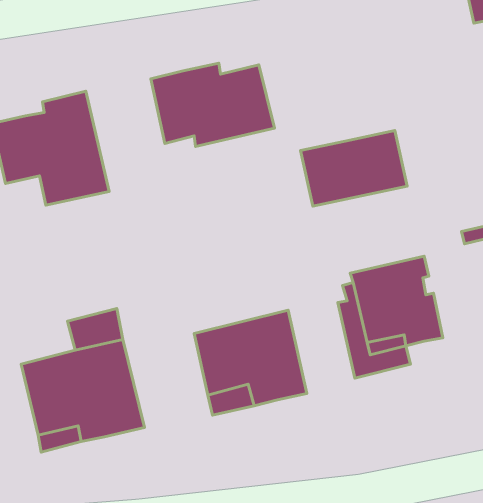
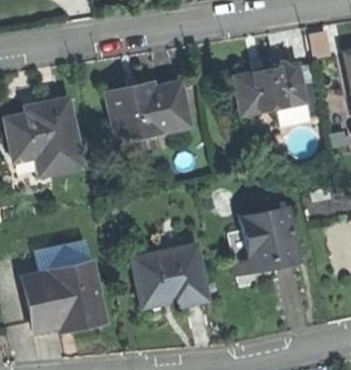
building: [300,131,407,206] -> [233,65,303,114]

